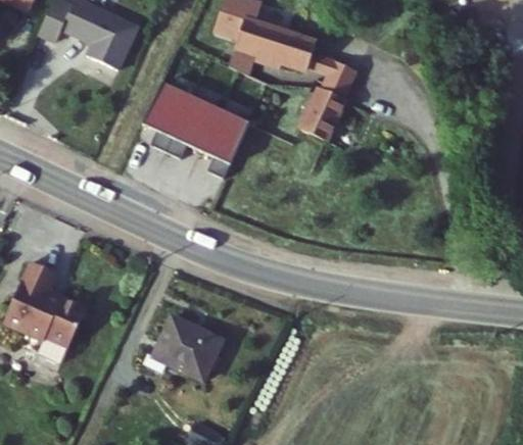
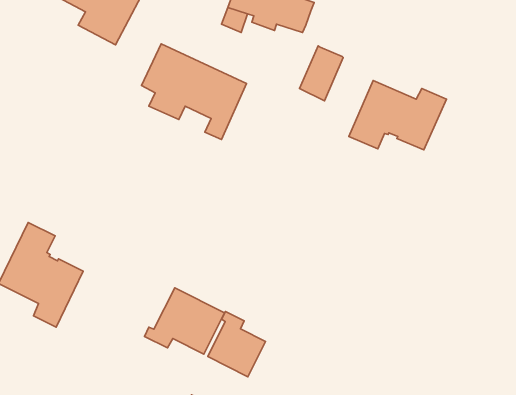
building: [306,47,354,92] -> none
building: none -> [349,80,446,150]
building: none -> [208,312,265,377]

